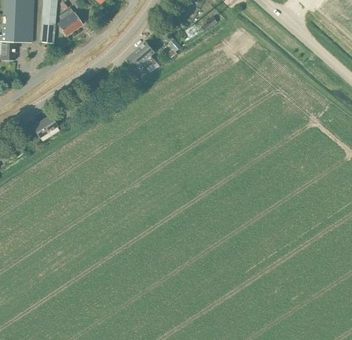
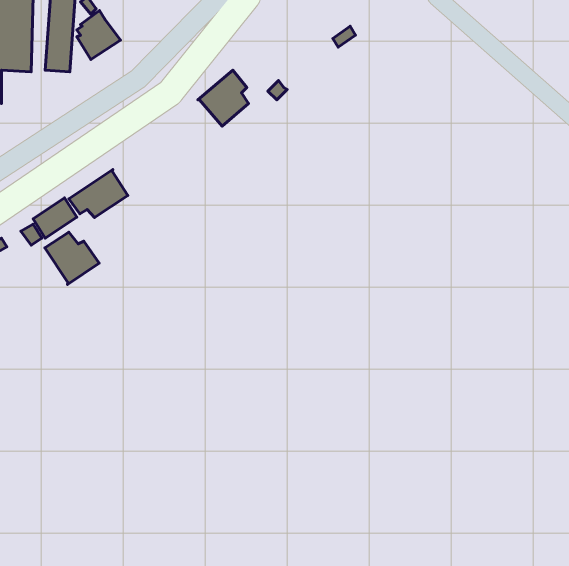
building: none -> [69,170,128,217]
building: none -> [45,232,99,284]

